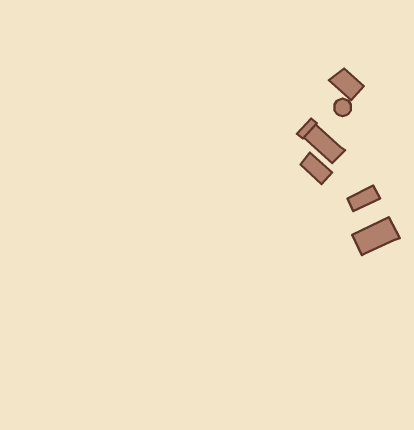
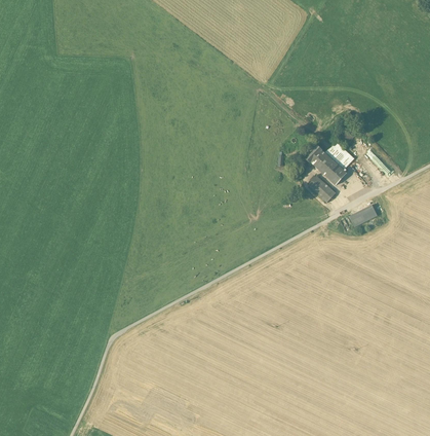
building: [329,69,364,100] -> [322,143,353,171]
building: [352,217,400,255] -> none

